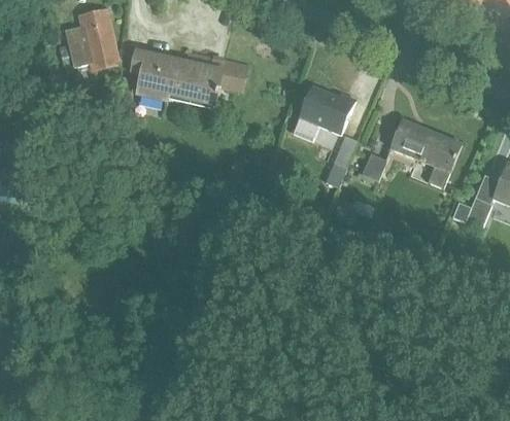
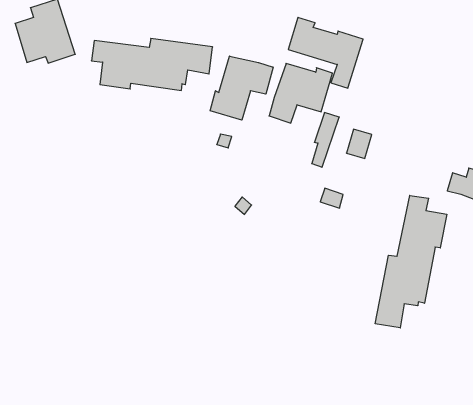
building: none -> [210,56,273,120]
building: [390,118,461,187] -> [288,17,363,88]
building: none -> [375,195,447,328]

